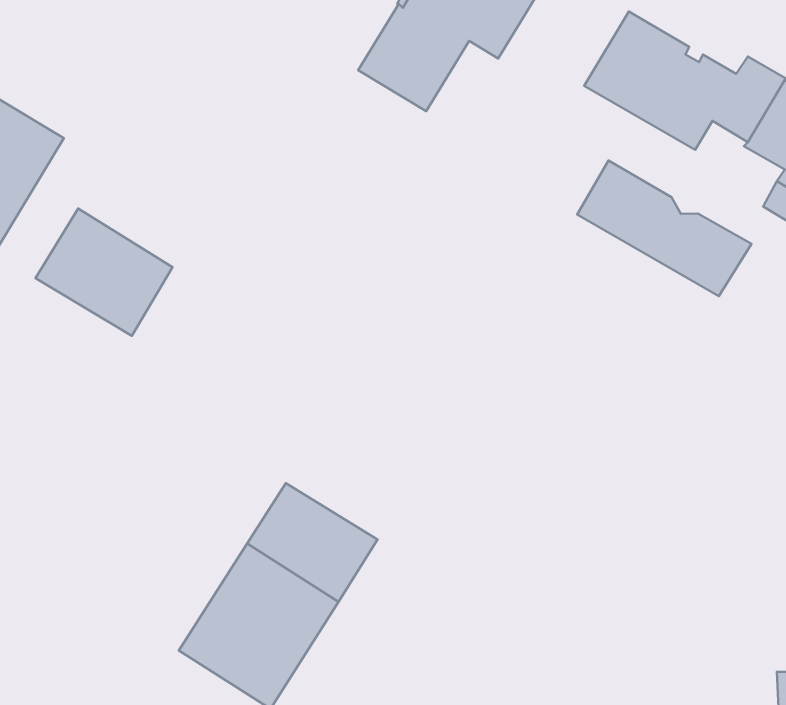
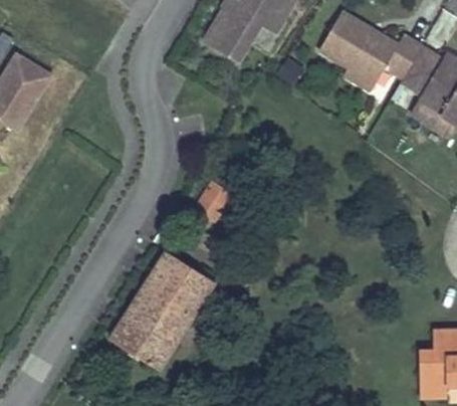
building: [577,161,752,296] -> none
building: [36,208,173,336] -> none
building: none -> [191,183,232,229]

